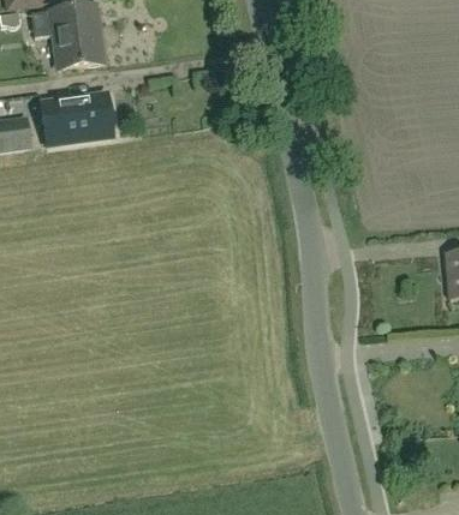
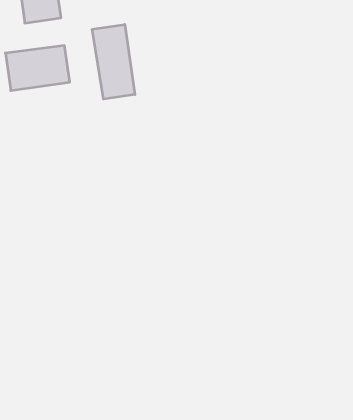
building: none -> [92,24,135,99]

